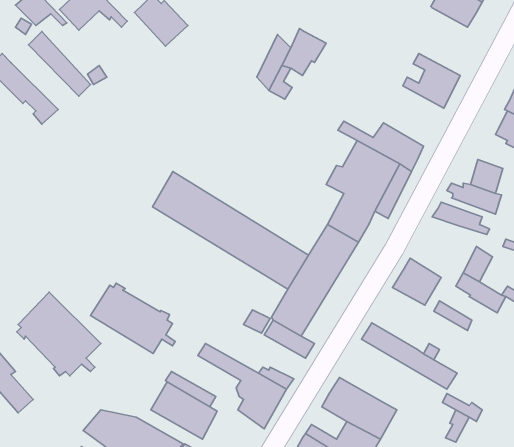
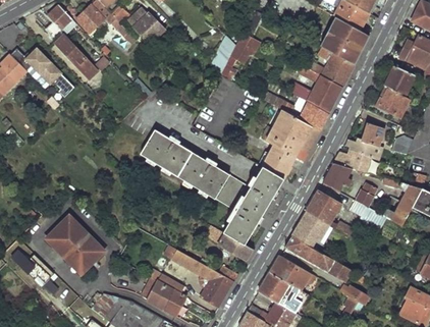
building: none -> [321,17,368,64]
building: none -> [289,63,342,113]
building: none -> [323,162,353,192]
building: [90,283,175,354] -> none
building: none -> [292,211,329,254]
building: none -> [270,256,316,290]

